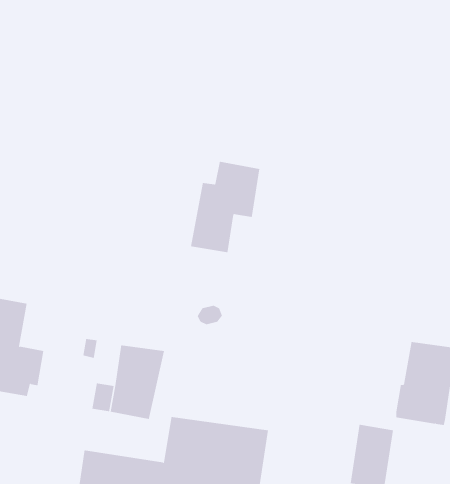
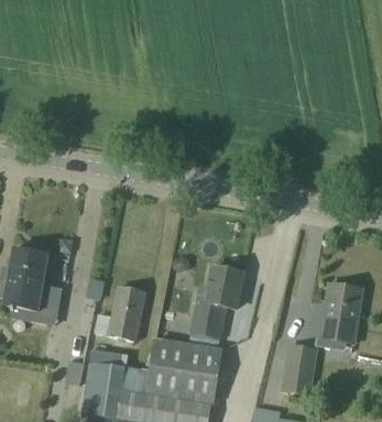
building: [190,161,260,253] -> [192,267,242,333]

